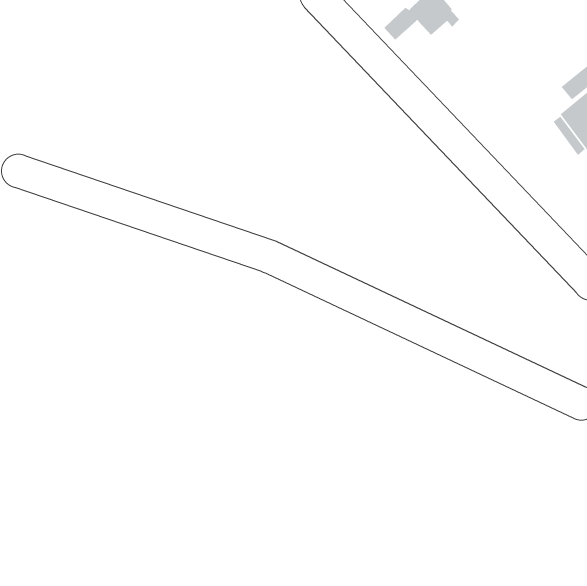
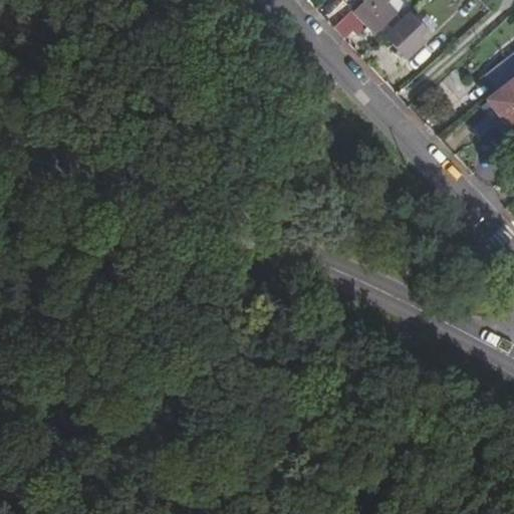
building: none -> [389,13,431,55]

